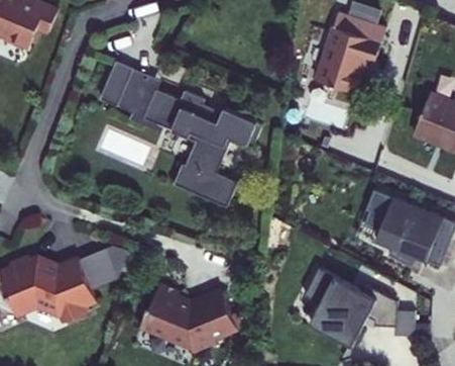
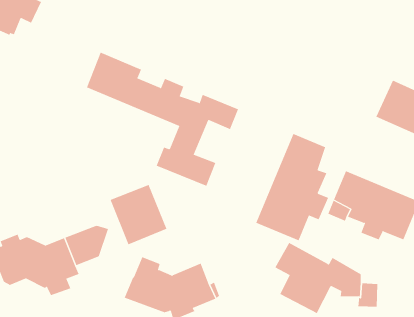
building: [315,14,385,94] -> none
building: none -> [256,133,329,241]
building: none -> [110,184,167,245]

